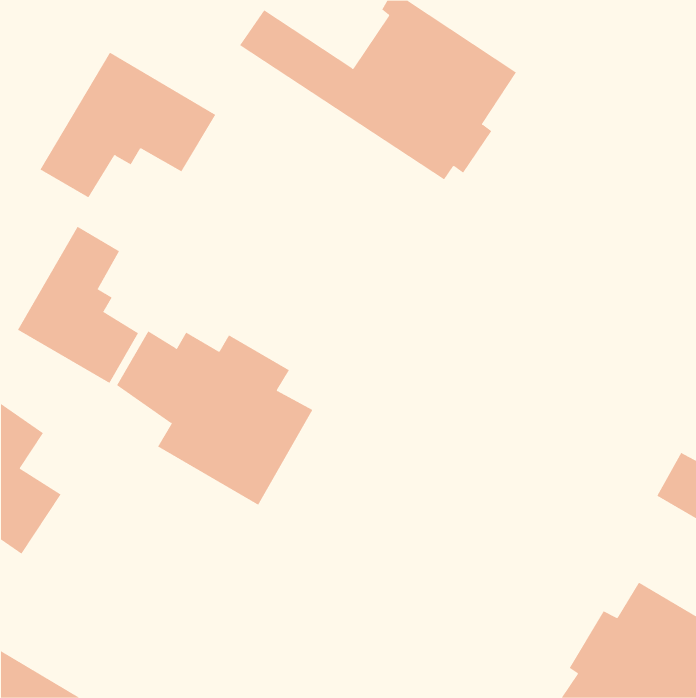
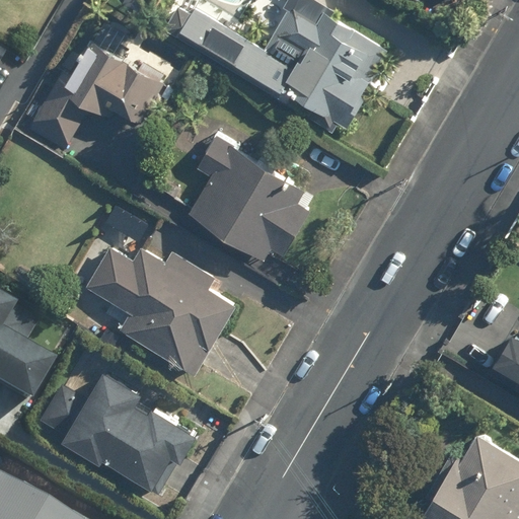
building: none -> [191,129,310,261]
building: [17,226,139,384] -> none
building: none -> [42,370,194,490]

